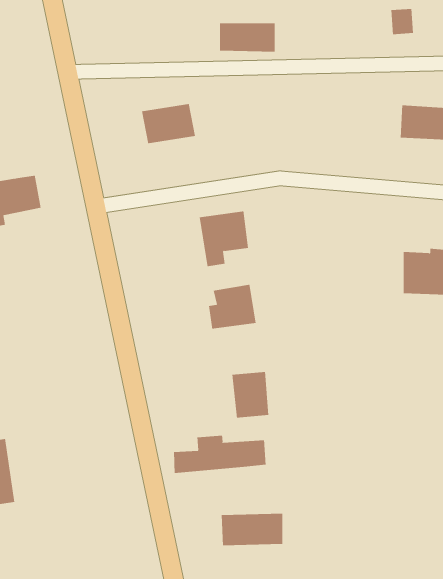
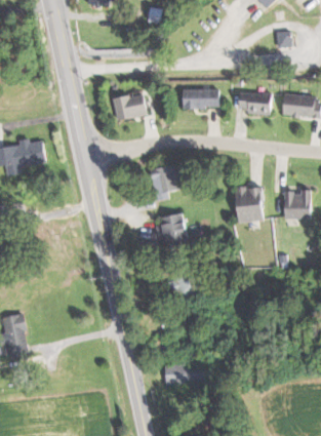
building: [219,23,275,52] -> [183,88,219,108]
building: none -> [238,92,272,114]
building: none -> [234,185,265,223]
building: [174,435,266,474] -> none

